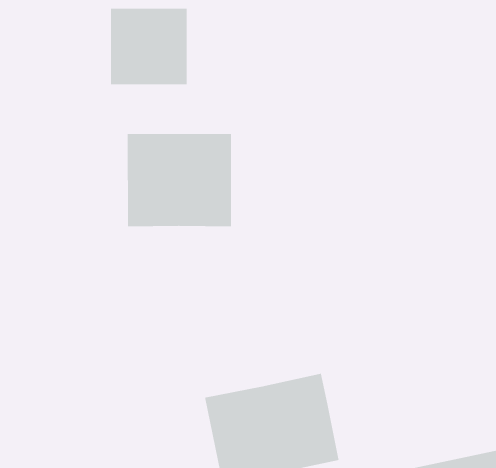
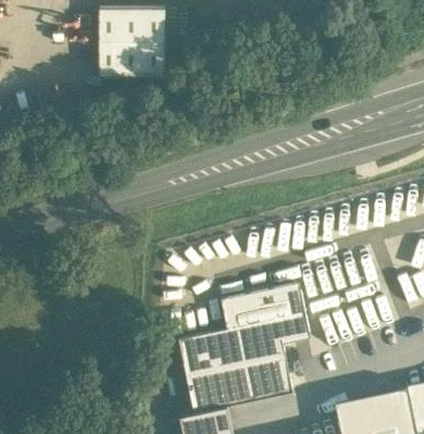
building: [127,133,232,227] -> none
building: none -> [220,282,310,344]

